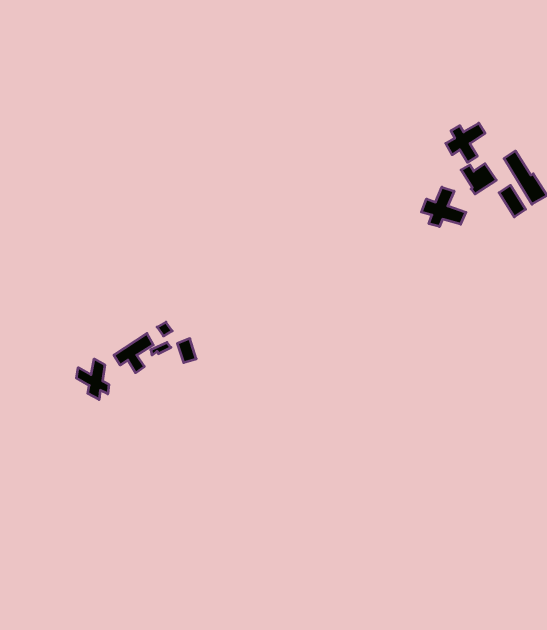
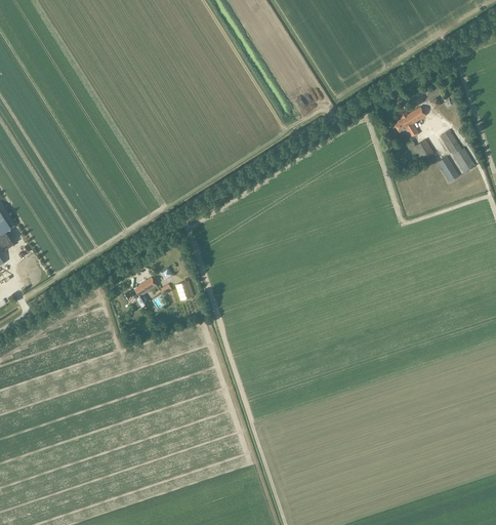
building: [421,187,466,227] -> none
building: [76,359,109,400] -> none

